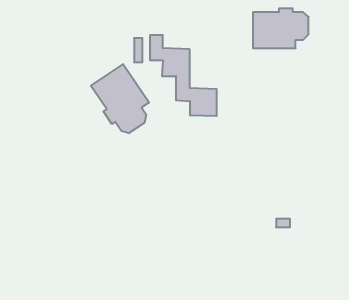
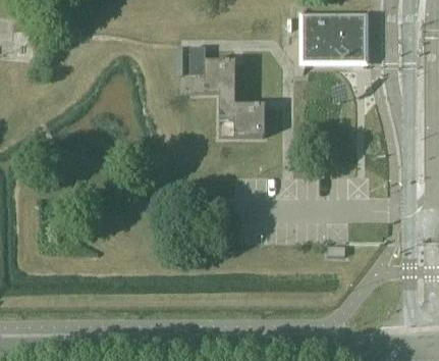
building: [91,64,149,133] -> none

